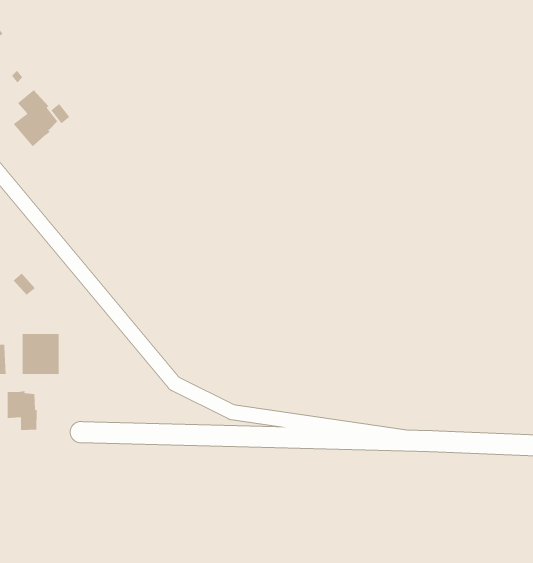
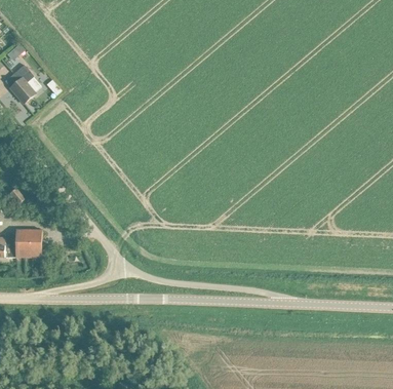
building: [7,391,37,431] -> none

